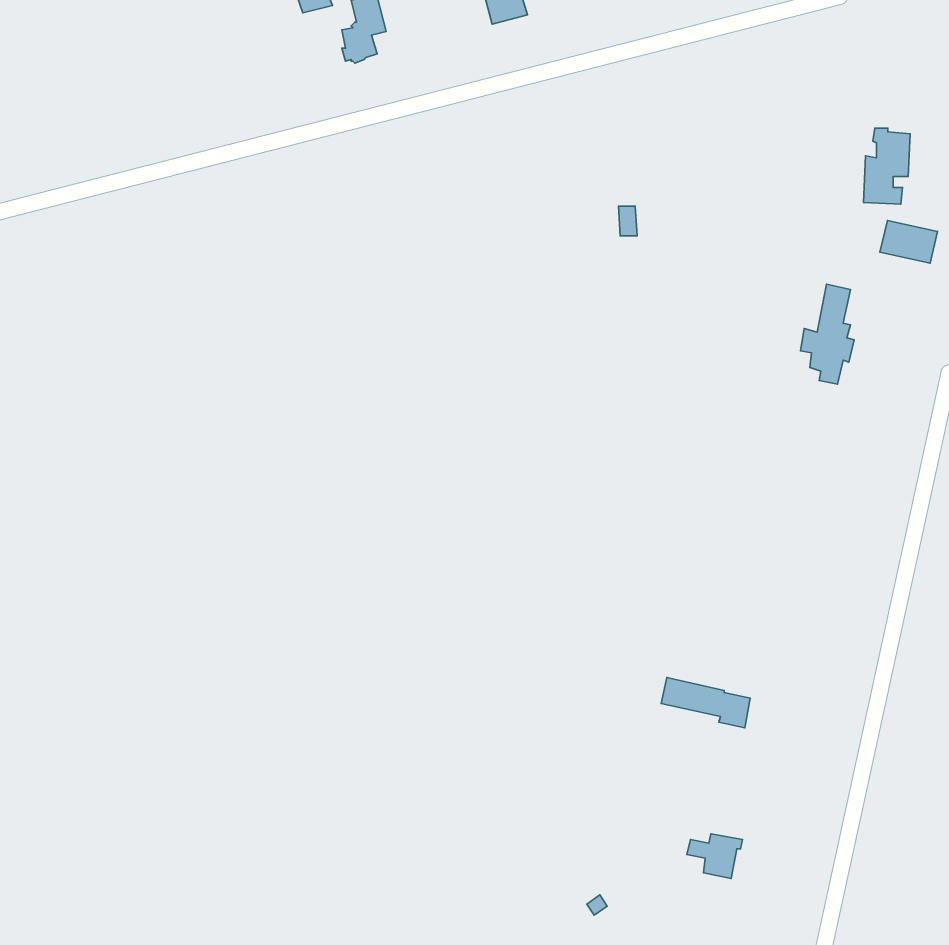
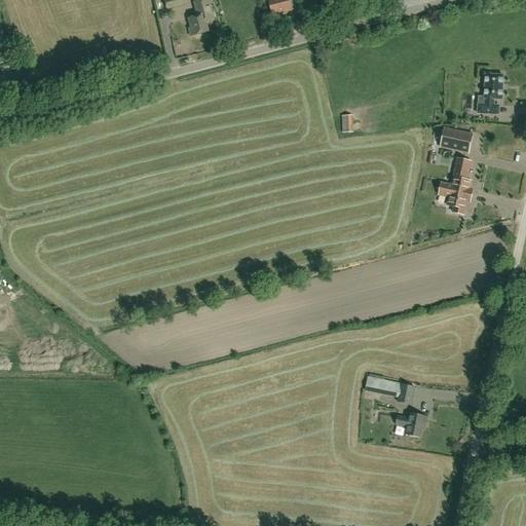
building: [880,221,937,263] -> [441,127,473,151]
building: [687,834,742,879] -> [397,412,427,437]

